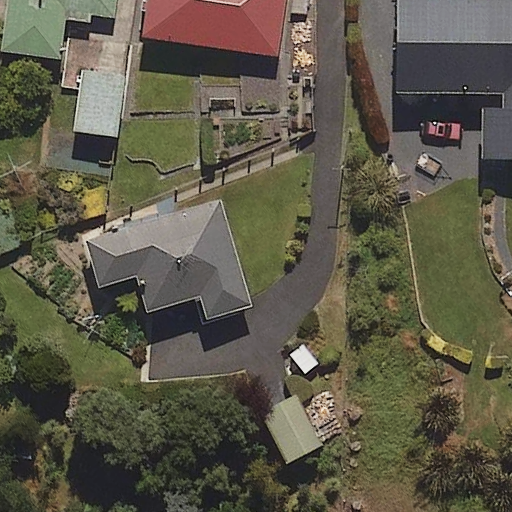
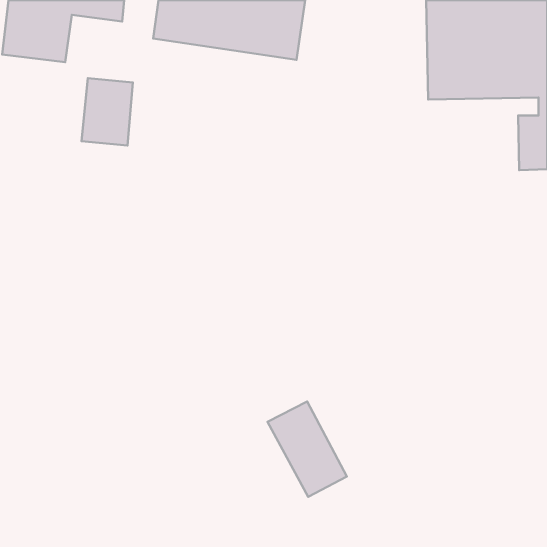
building: [83,201,253,321] -> none

